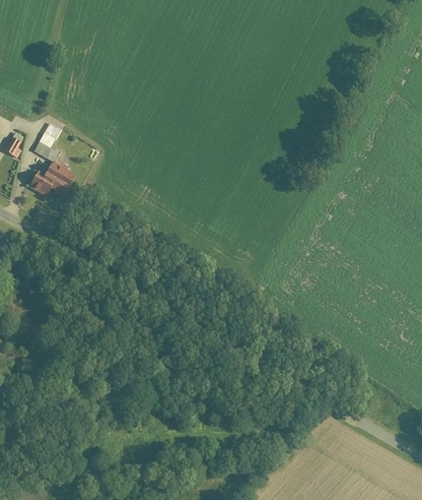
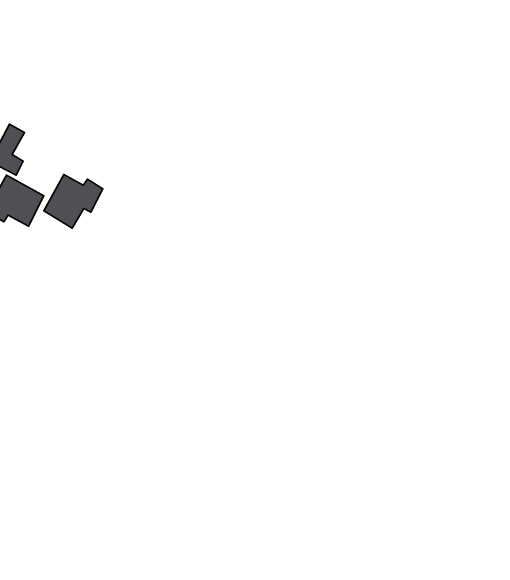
building: none -> [44,175,103,228]

